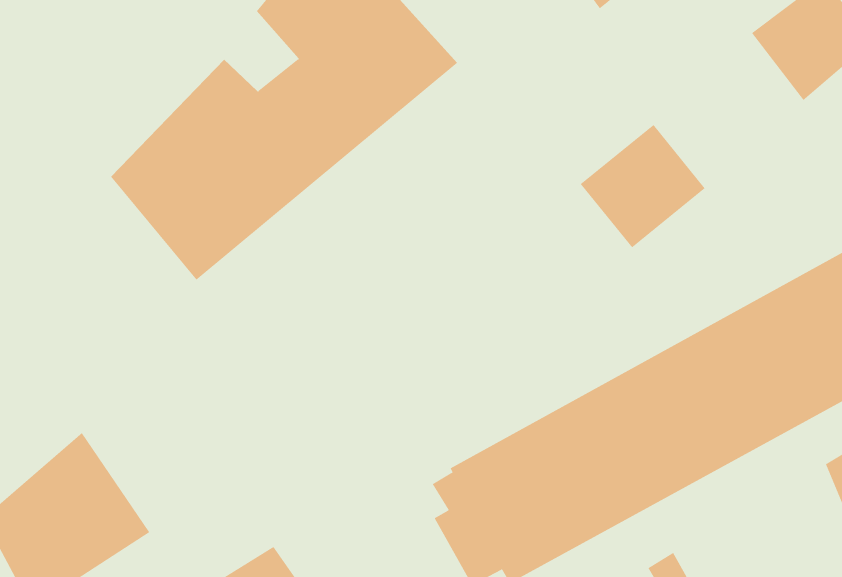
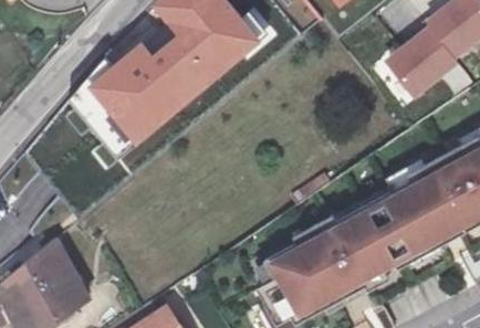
building: [580,124,706,248] -> [385,30,455,98]

